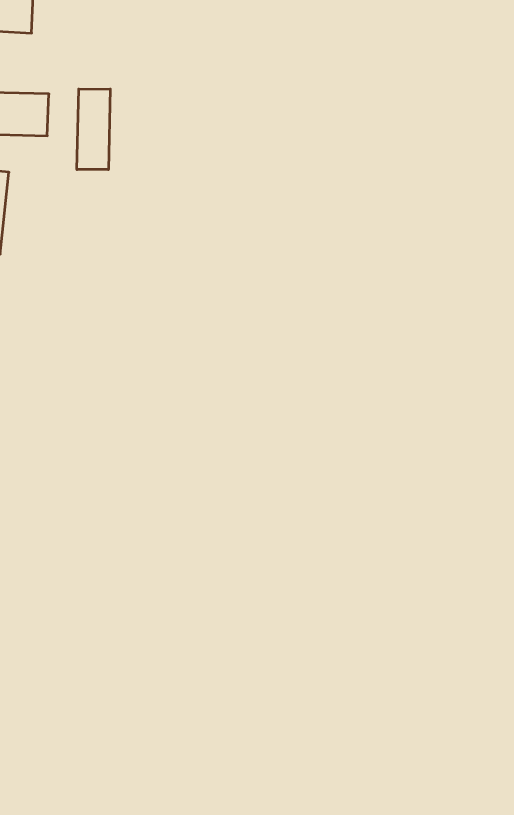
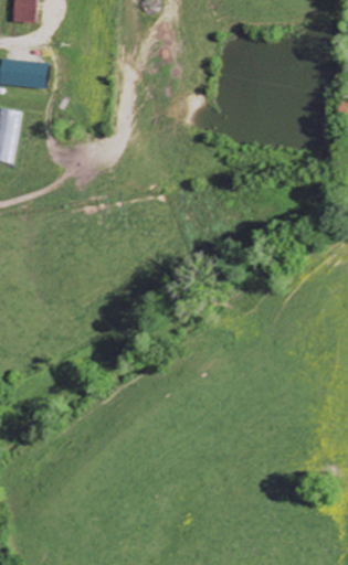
building: [77,89,110,170] -> none

